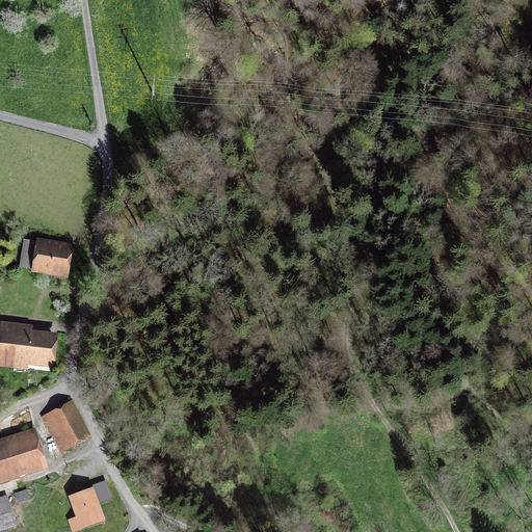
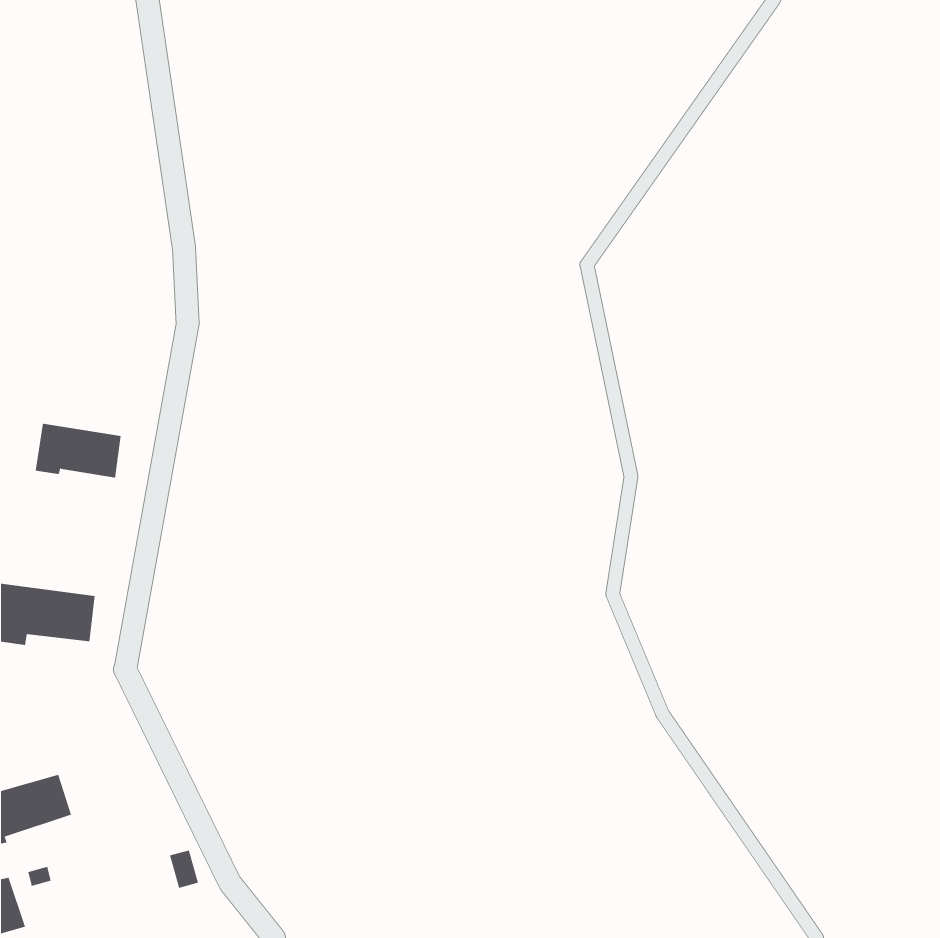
building: [45,405,84,447] -> none
building: [72,489,102,525] -> none

